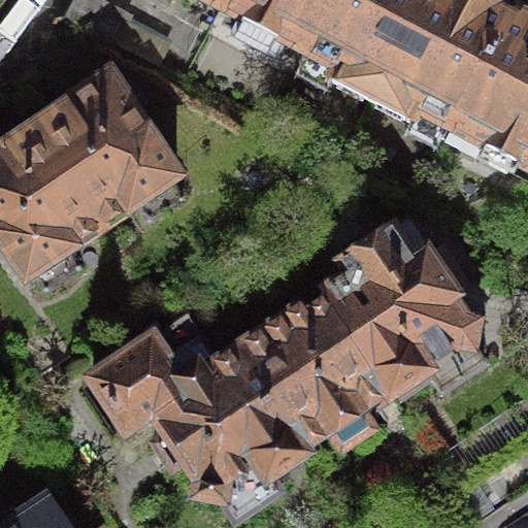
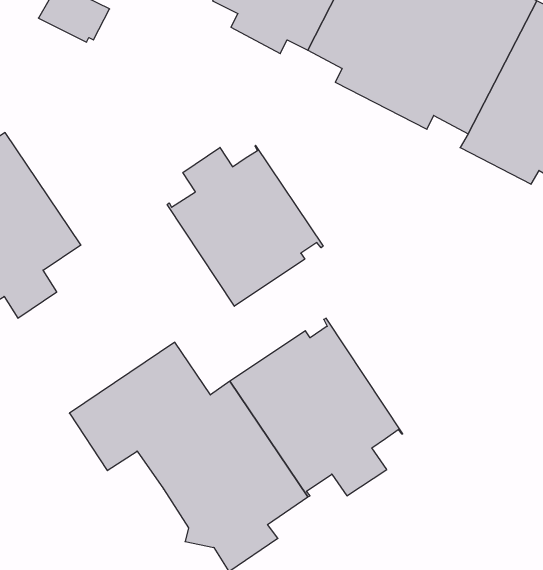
building: [34,71,184,221] -> none
building: none -> [167,145,323,306]
building: [323,222,486,391] -> none

